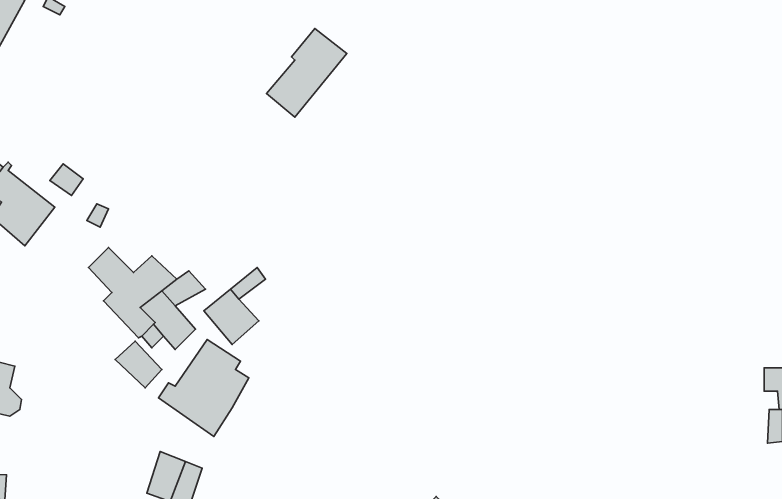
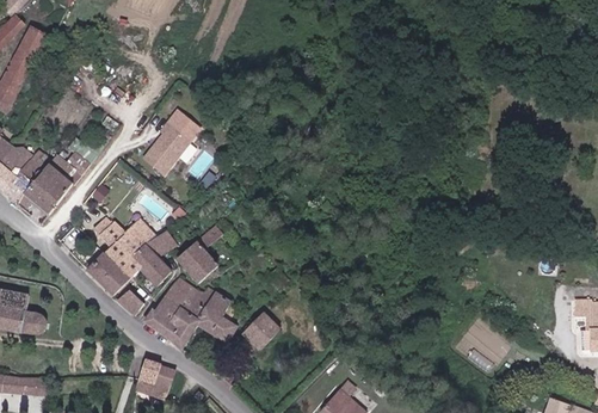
building: [266,28,347,117] -> [142,109,199,172]
building: none -> [88,251,130,292]
building: none -> [197,288,236,345]
building: none -> [242,313,285,352]

